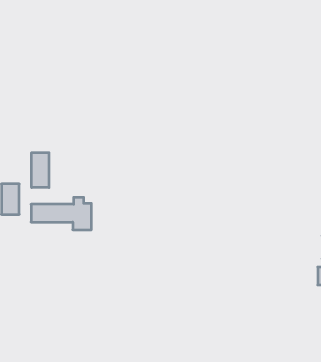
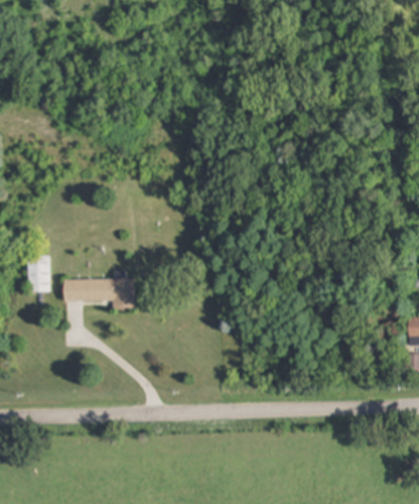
building: [32,153,49,188] -> none

